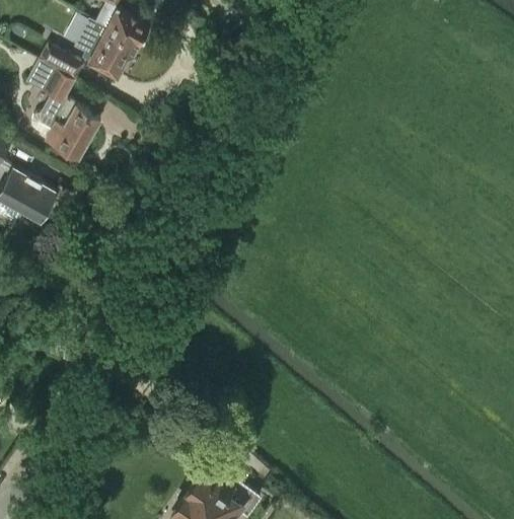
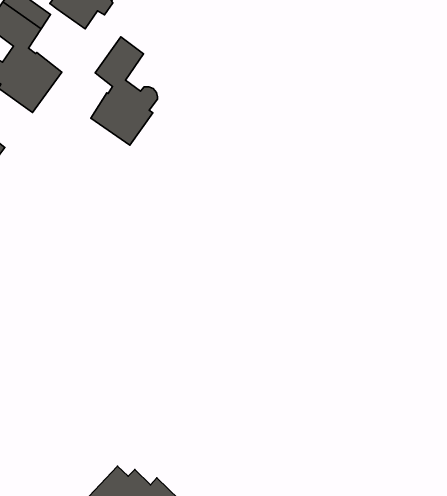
building: none -> [91,37,157,145]

